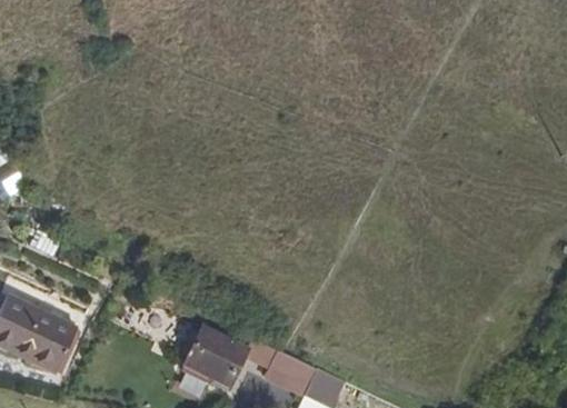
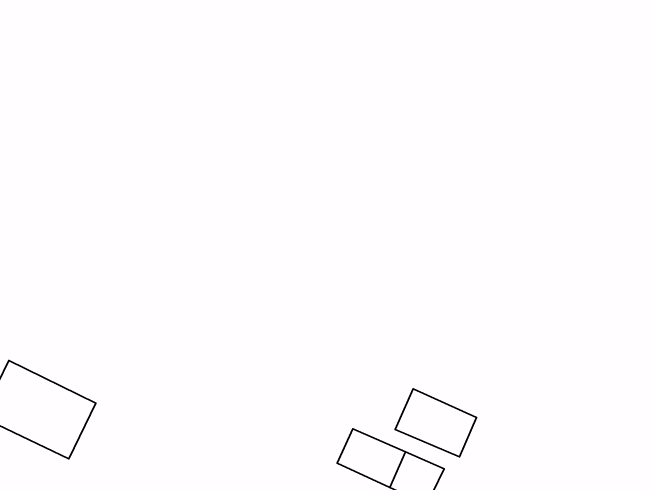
building: none -> [395,389,476,457]
building: [183,326,251,391] -> none

